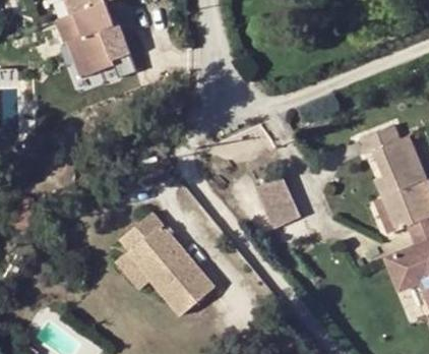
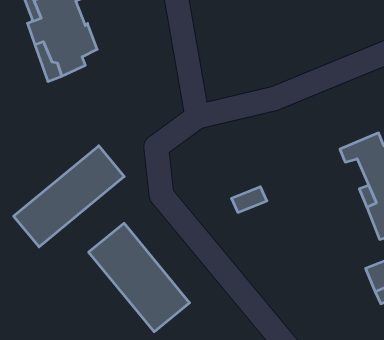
building: none -> [14,146,124,247]
building: [261,191,300,229] -> none

